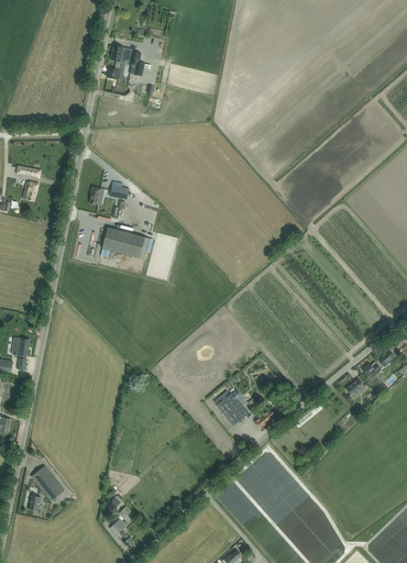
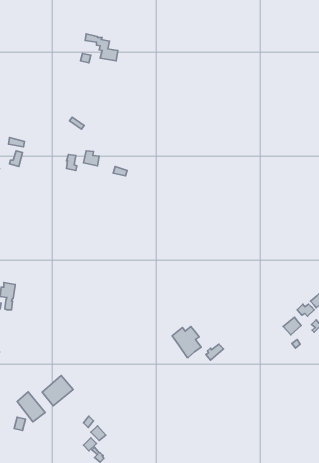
building: [102,227,151,260] -> none
building: none -> [42,376,73,406]

